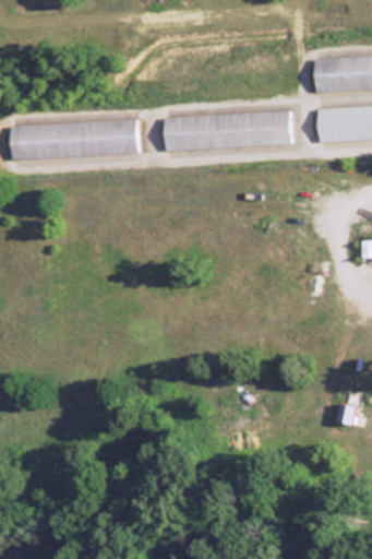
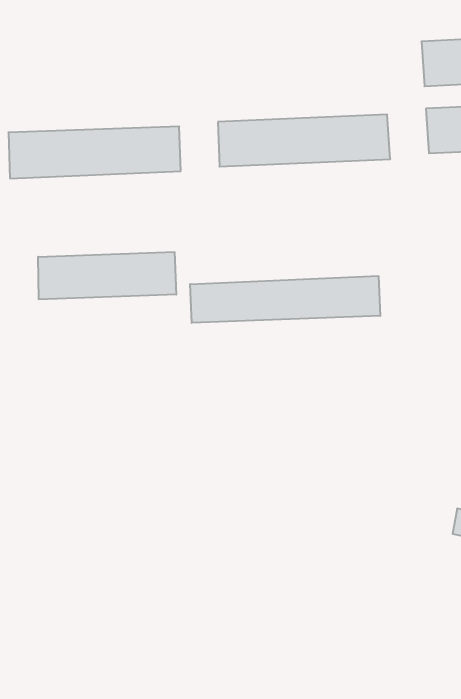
building: none -> [38,252,176,299]
building: none -> [190,276,380,323]

